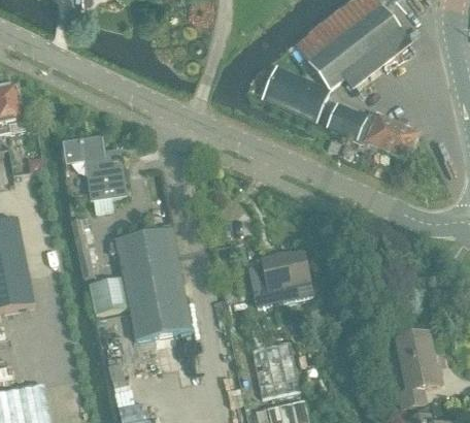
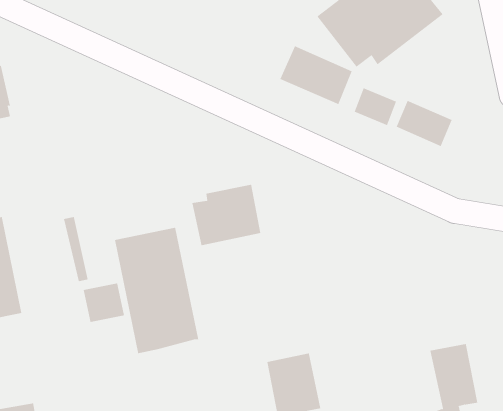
building: [62,137,125,210] -> none
building: [249,251,311,305] -> [191,184,261,246]

